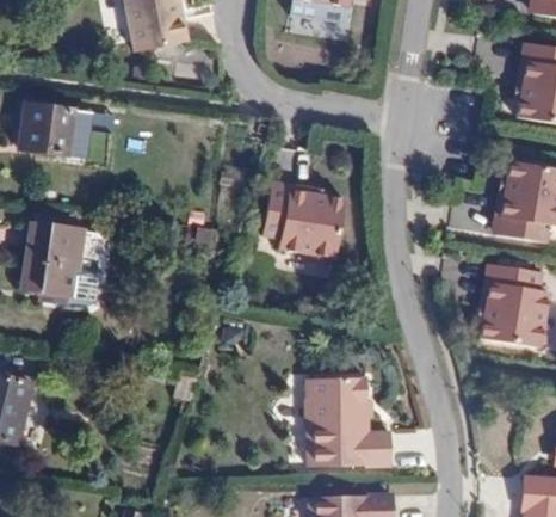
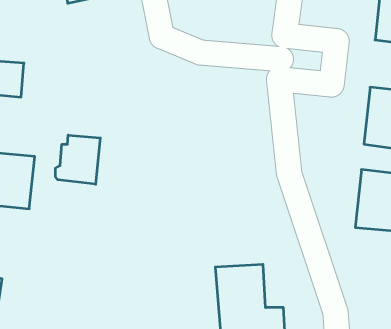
building: [262,189,344,264] -> none
building: none -> [55,135,100,184]

